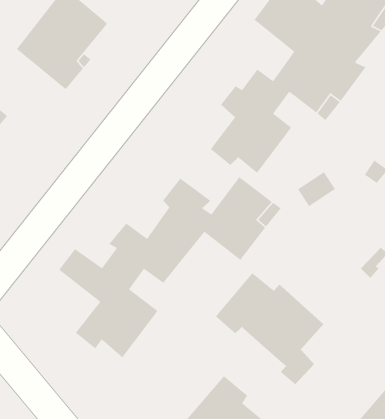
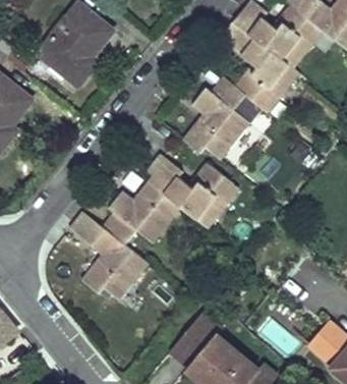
building: [215,272,324,385] -> none

